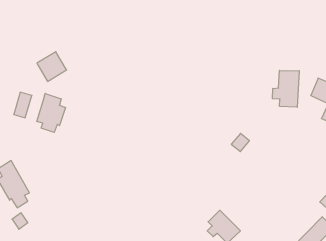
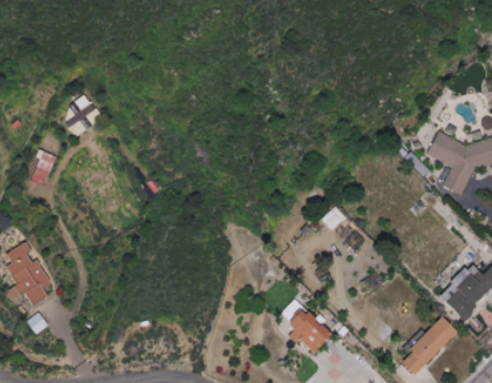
building: [272,70,299,107] -> none
building: [37,93,66,132] -> none

